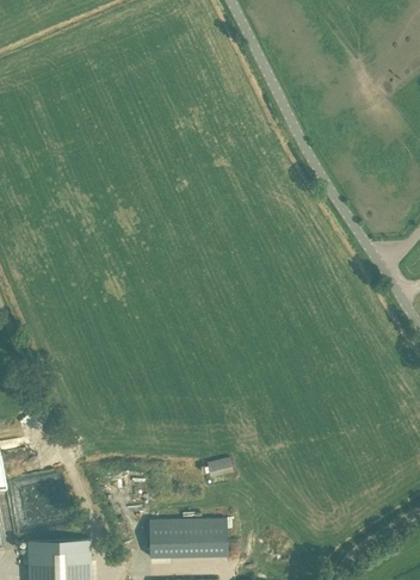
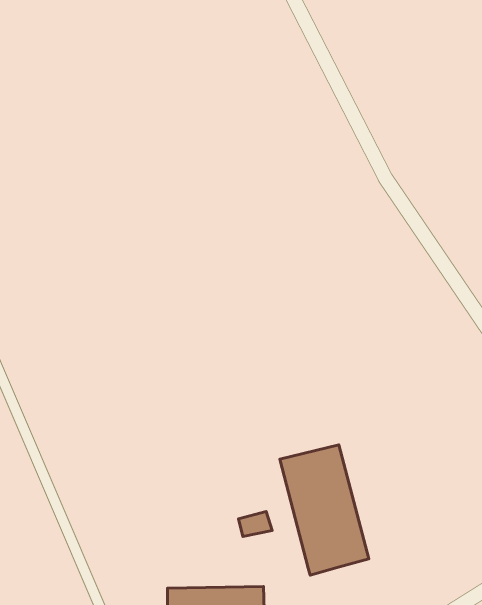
building: none -> [280,445,369,575]

